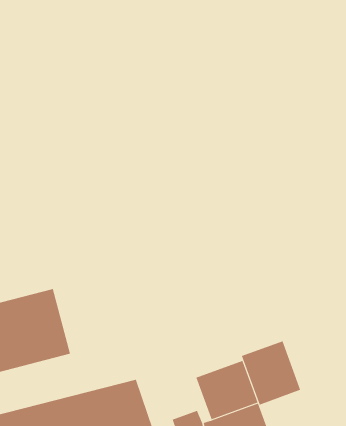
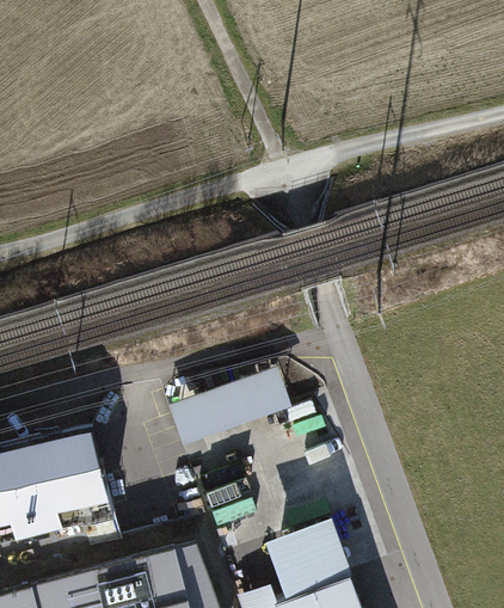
building: none -> [170,367,293,444]
building: [241,340,301,405] -> none

